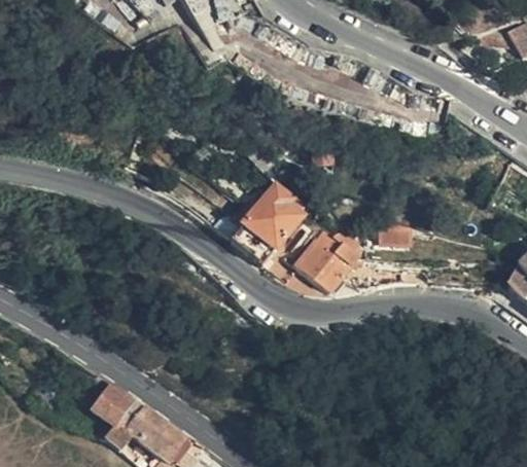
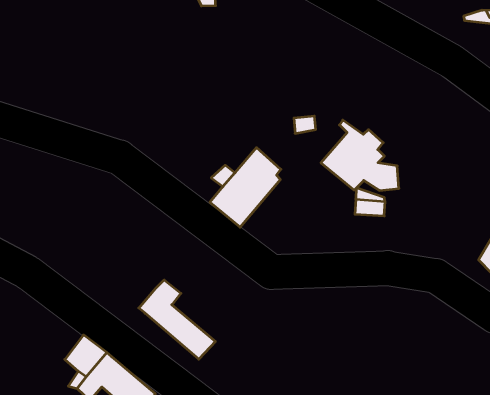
building: [296,221,377,291] -> [321,120,399,190]
building: none -> [139,280,215,359]

